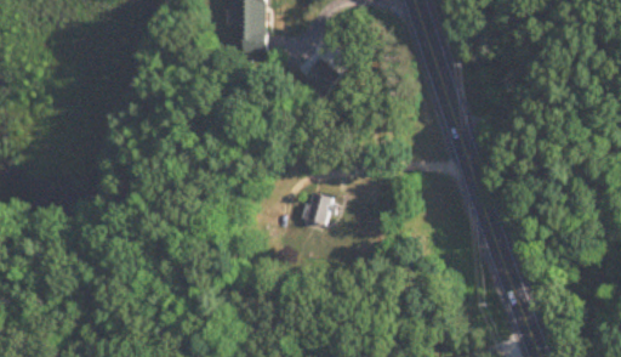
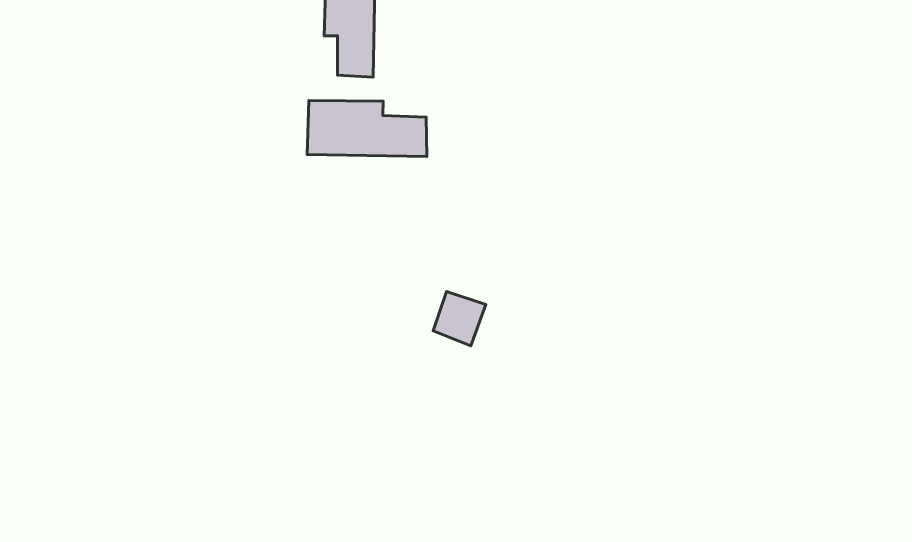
building: none -> [307,101,427,156]

